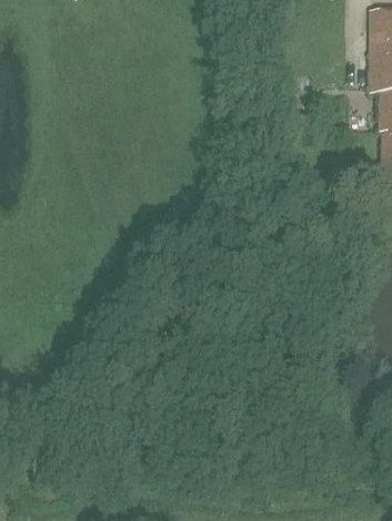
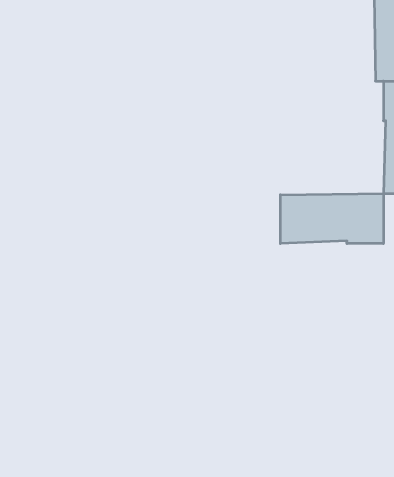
building: none -> [280,193,383,244]

